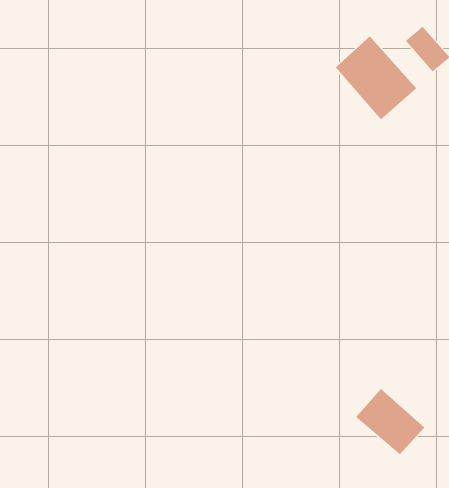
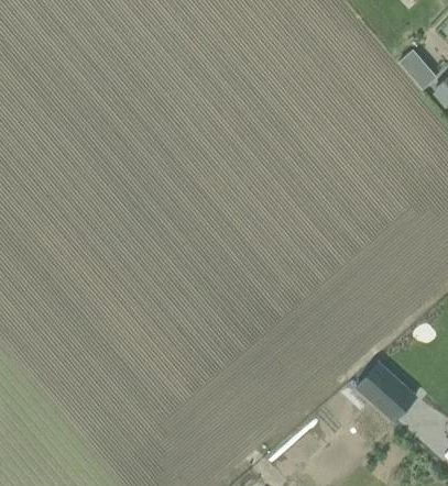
building: [335,36,417,120] -> none

